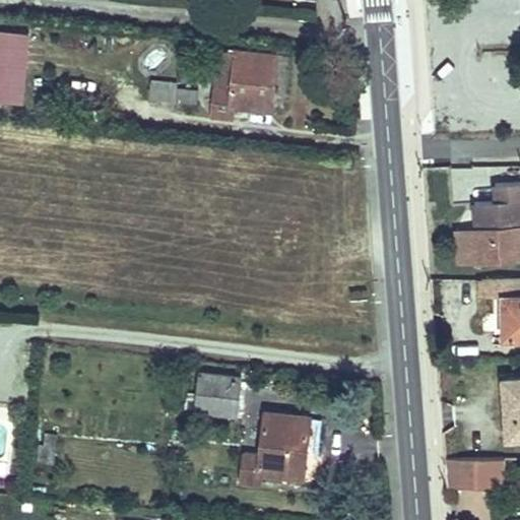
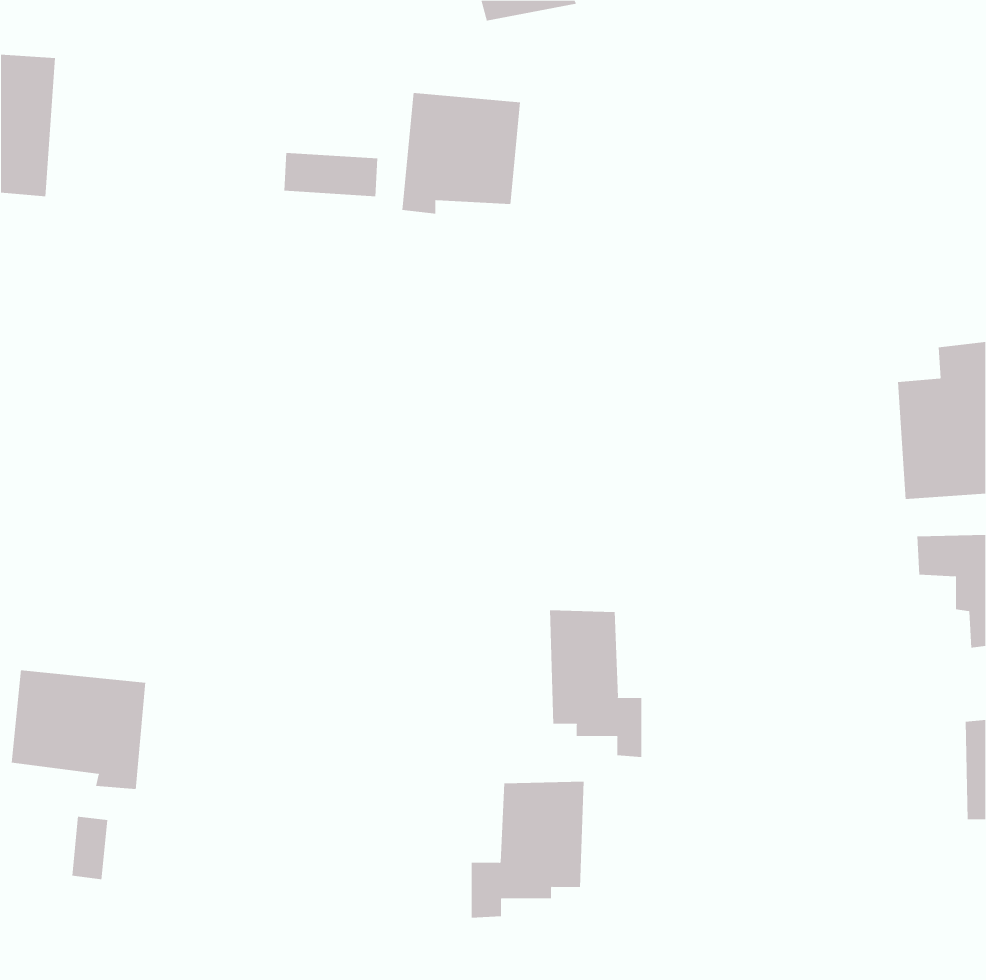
building: none -> [550,609,642,758]
building: none -> [11,669,146,790]
building: [198,372,245,416] -> none
building: [442,467,496,494] -> none

